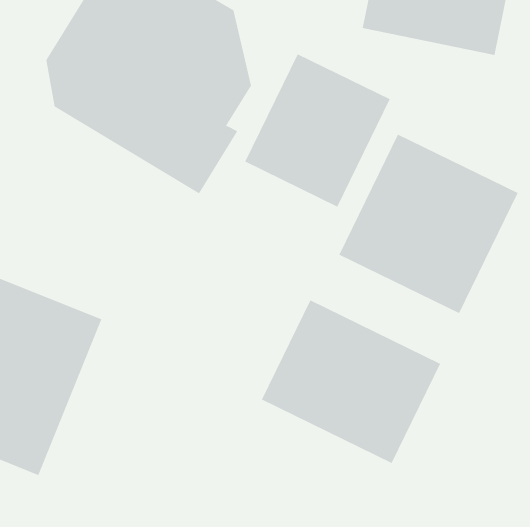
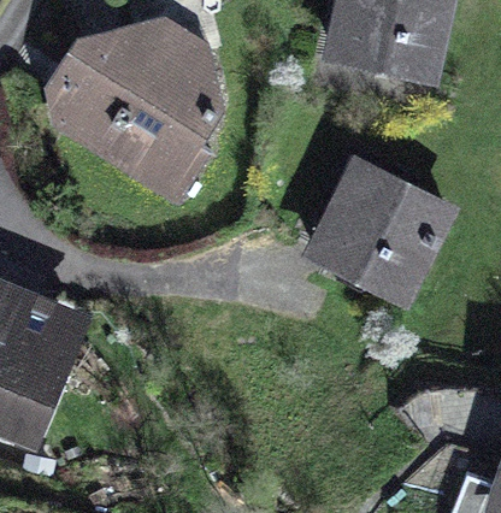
building: [245,54,391,207] -> none
building: [261,300,441,464] -> none

